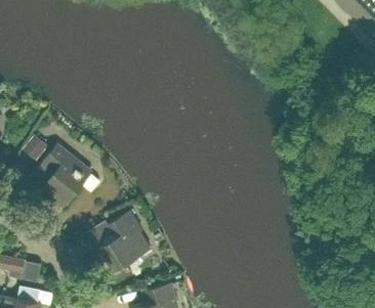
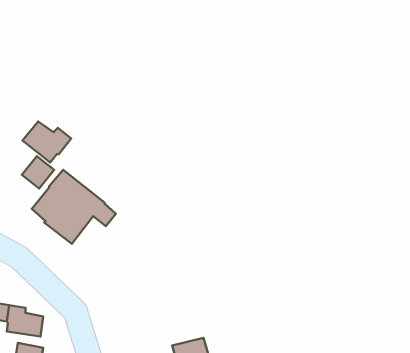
building: none -> [23,122,71,163]
building: [98,210,150,271] -> none

